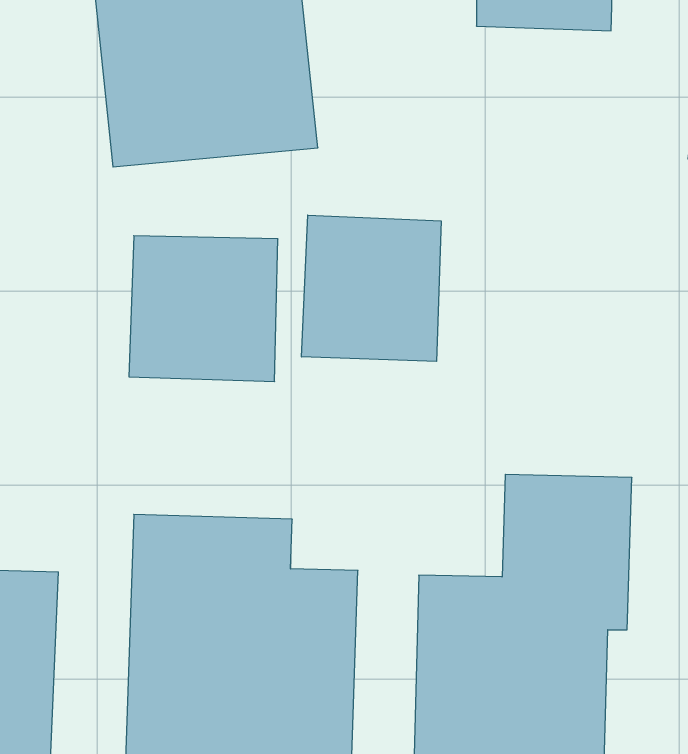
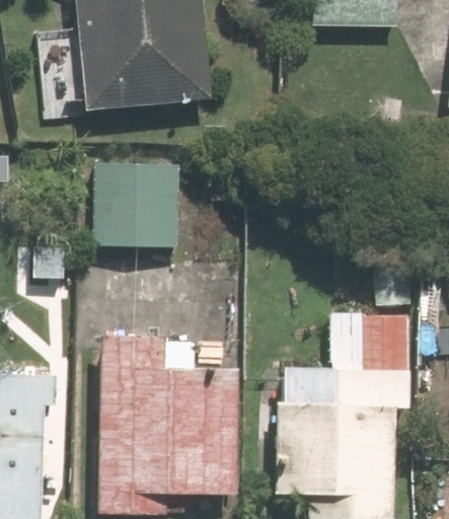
building: [302,215,441,361] -> none

